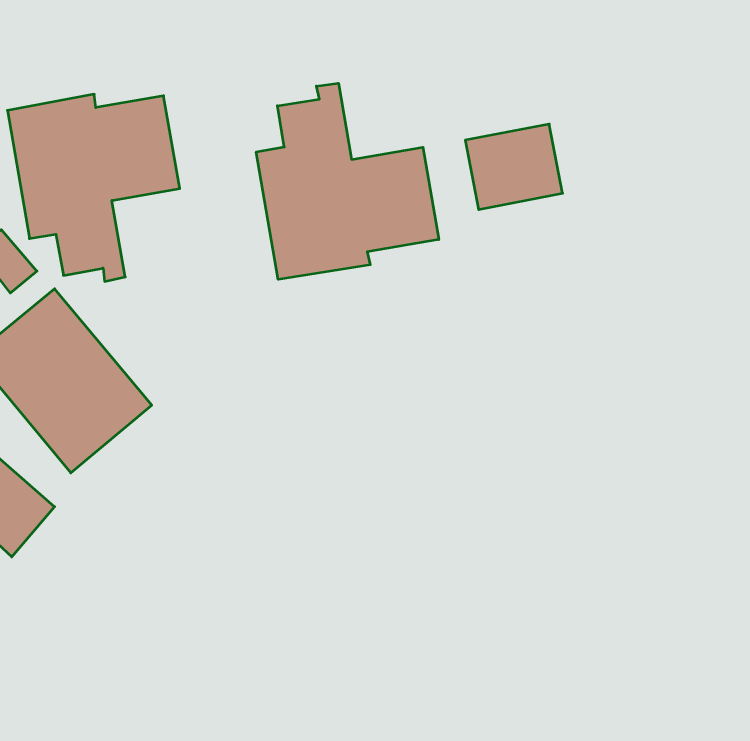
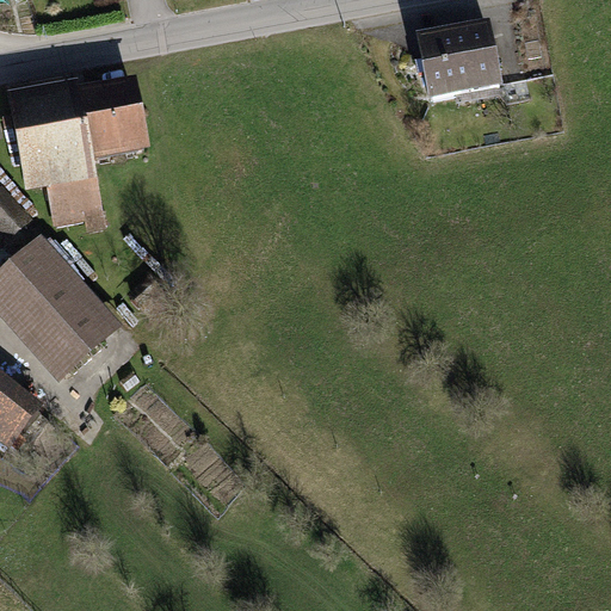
building: [256,83,439,279] -> none
building: [465,124,563,210] -> [419,24,498,93]

